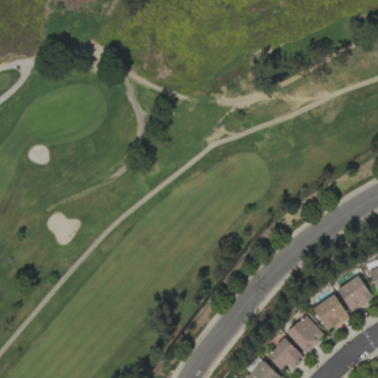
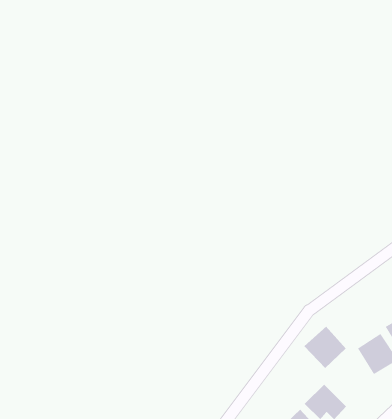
building: [287,315,324,353] -> [304,326,346,369]

